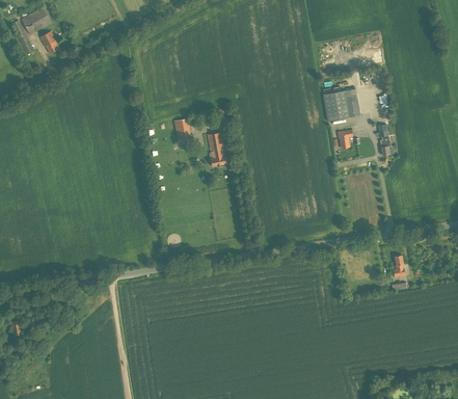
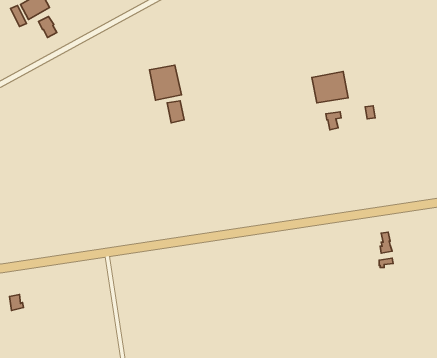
building: none -> [150,65,182,100]
building: [208,132,227,166] -> none

